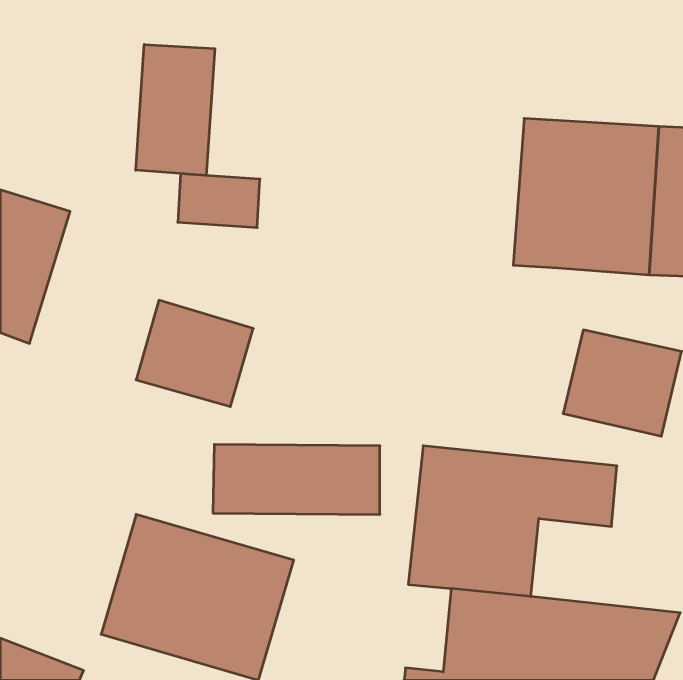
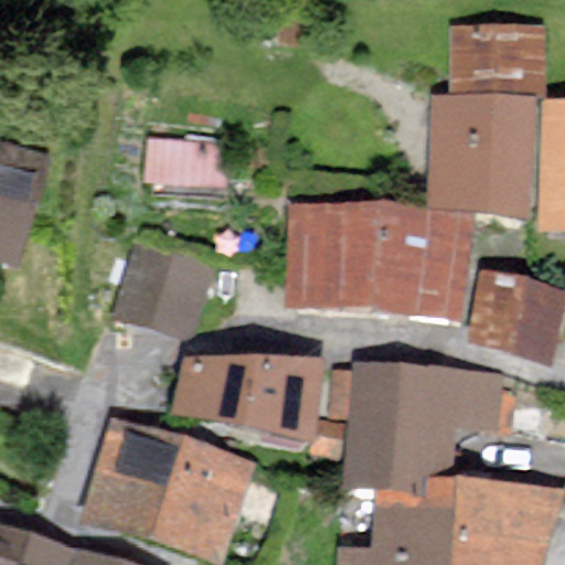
building: none -> [452,26,550,104]
building: [136,44,215,175] -> none
building: none -> [286,209,461,316]

